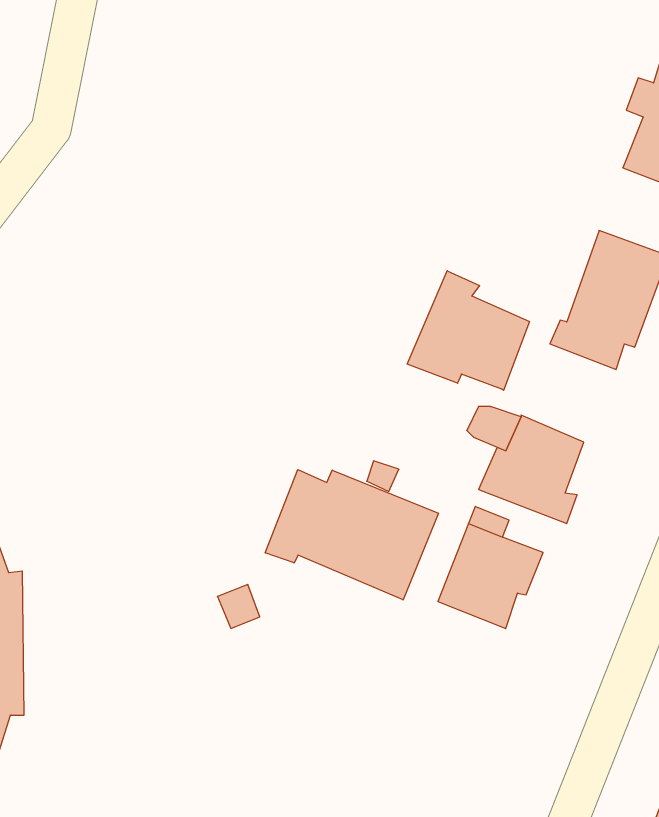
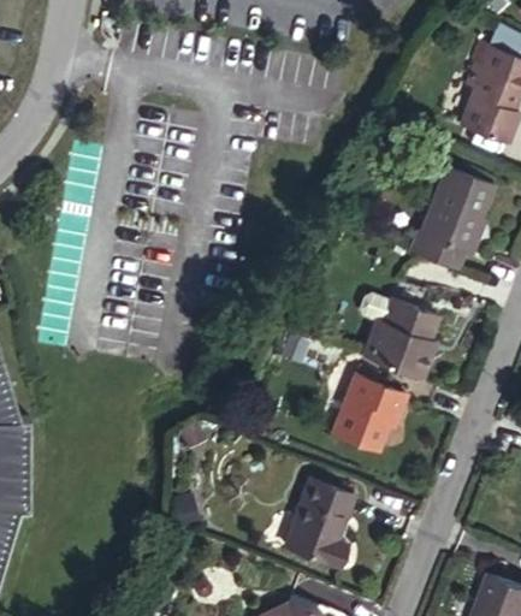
building: [407,271,529,390] -> none
building: [265,470,439,600] -> none
building: none -> [282,475,355,569]

